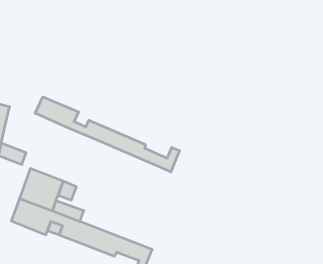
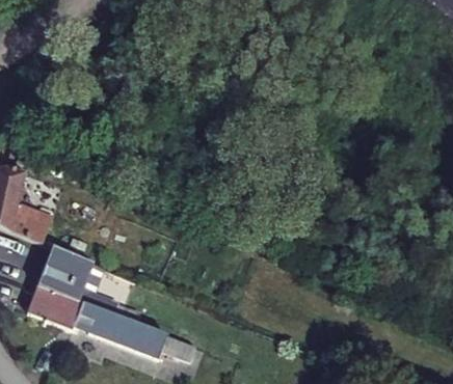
building: [35,97,180,172] -> none

